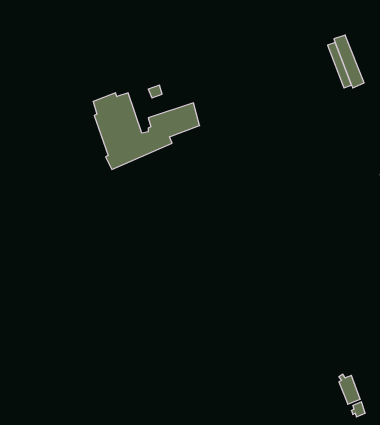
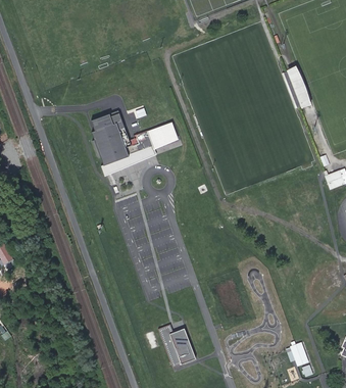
building: none -> [158,323,196,366]

